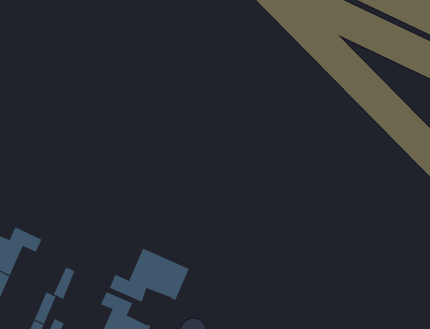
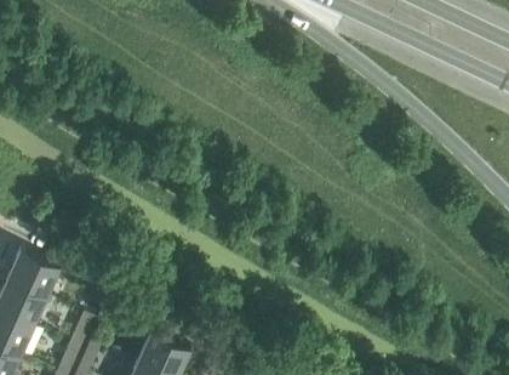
building: [109,248,189,302] -> none

